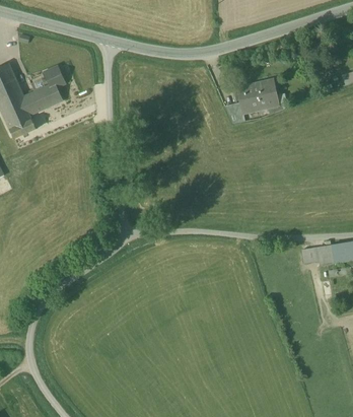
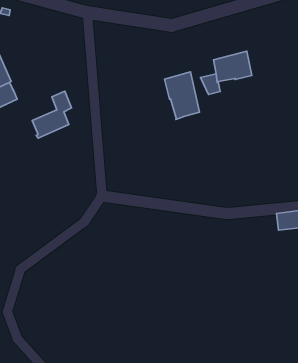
building: [23,66,64,115] -> [32,91,72,138]
building: none -> [164,72,199,120]

